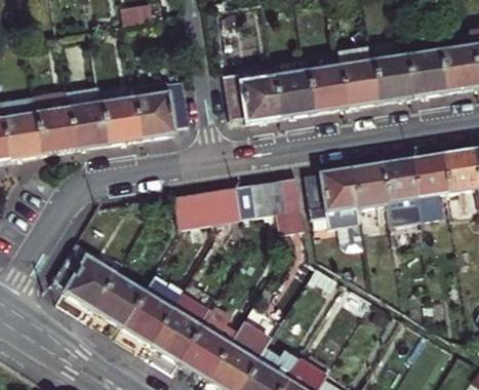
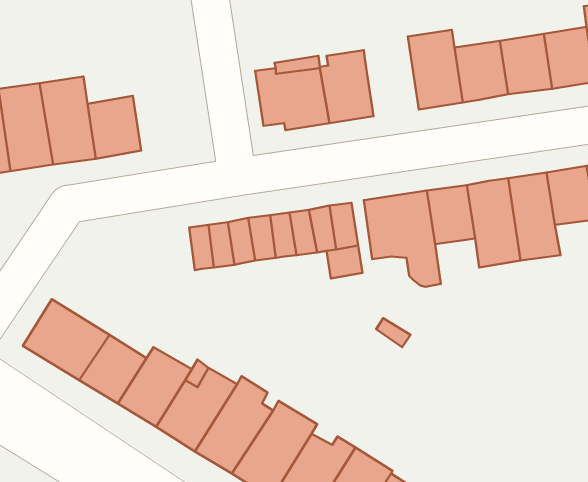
building: [306,66,346,112] -> none
building: [130,81,189,138] -> none

